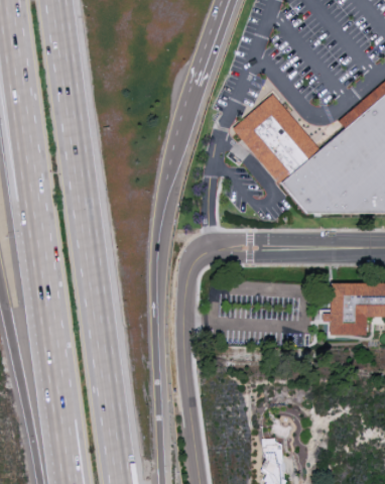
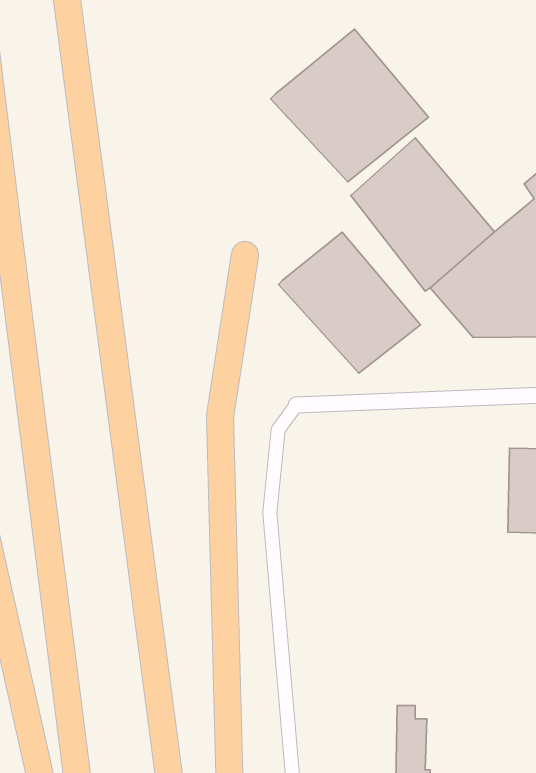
building: none -> [271,29,429,182]
building: none -> [278,232,420,373]

